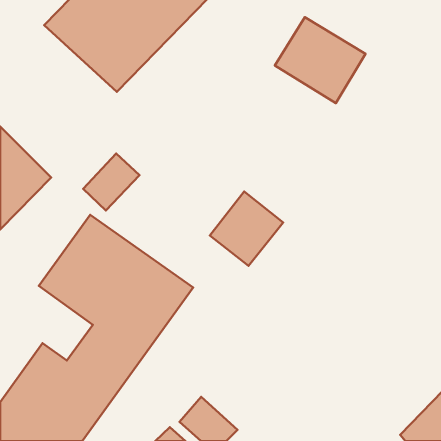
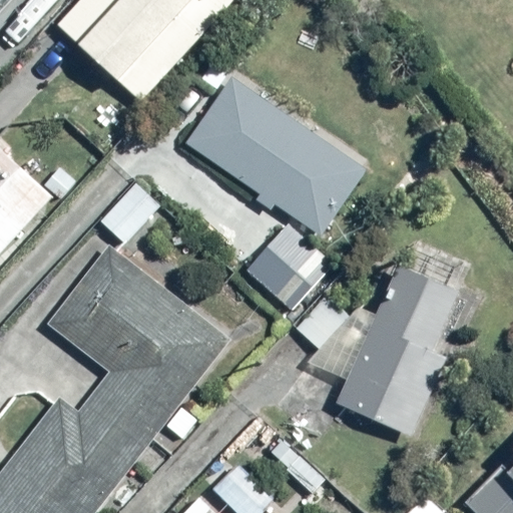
building: [275,17,365,103] -> none
building: none -> [190,83,366,231]
building: none -> [302,265,470,435]

